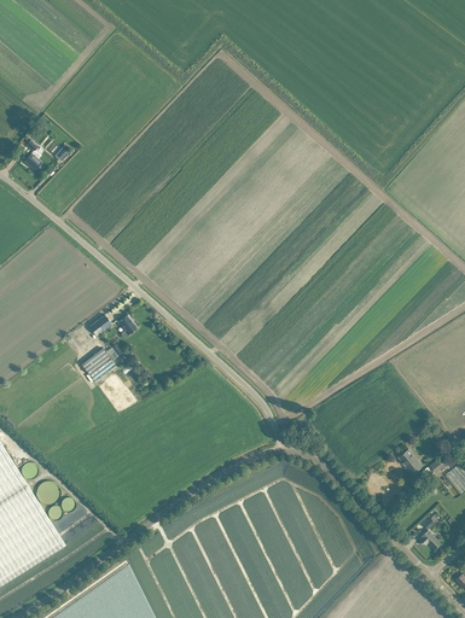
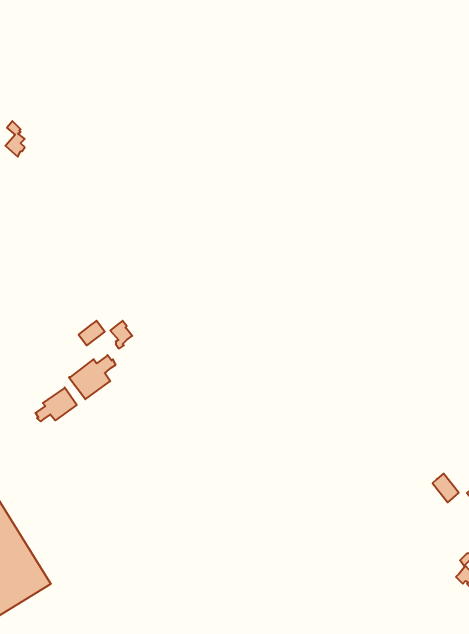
building: none -> [35,387,77,421]

